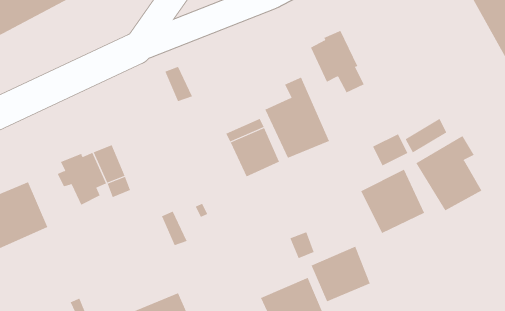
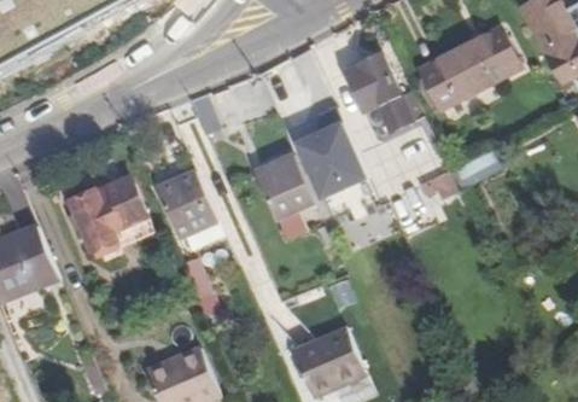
building: none -> [419,28,519,110]
building: none -> [157,171,218,237]
building: [416,135,482,211] -> none
building: [360,169,425,234] -> none
building: [311,246,370,302] -> none

